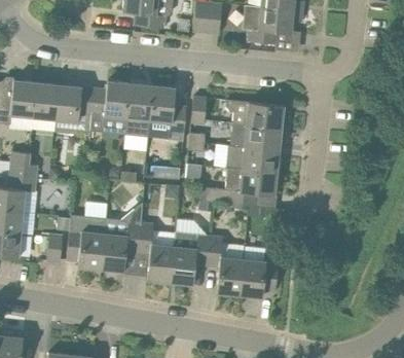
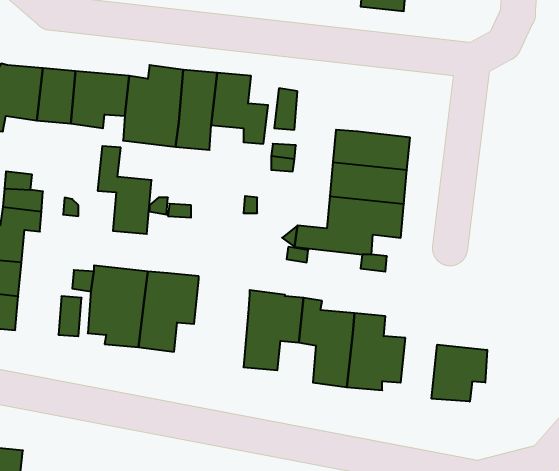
building: [225,100,284,130] -> none
building: [138,224,174,283] -> [98,146,152,234]
building: none -> [432,345,487,402]

